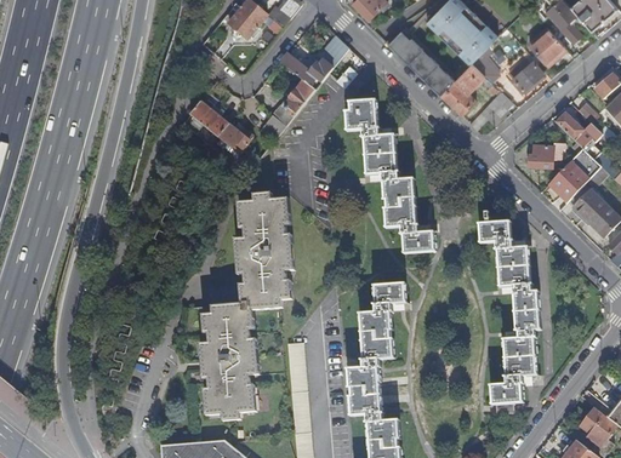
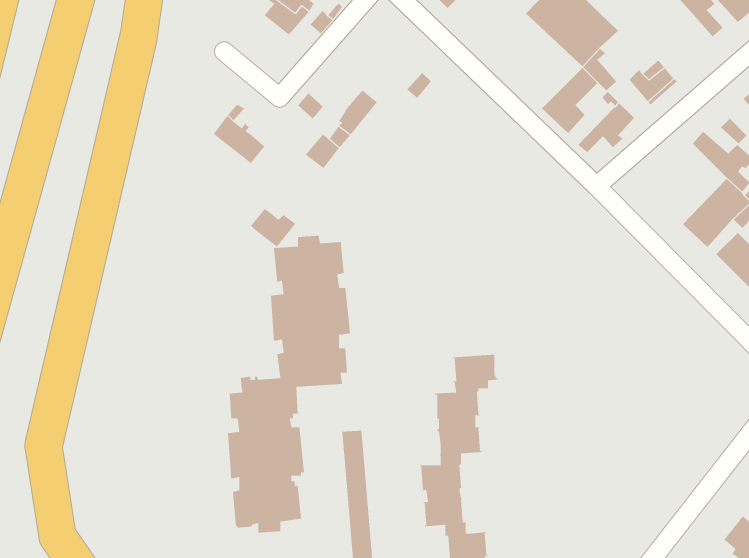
building: [528,27,564,63] -> none
building: [388,30,452,95] -> none
building: [279,41,347,86] -> none
building: [343,99,434,252] -> none
building: [217,124,252,154] -> [250,208,296,248]
building: [528,143,563,167] -> none
building: [477,221,540,411] -> none

